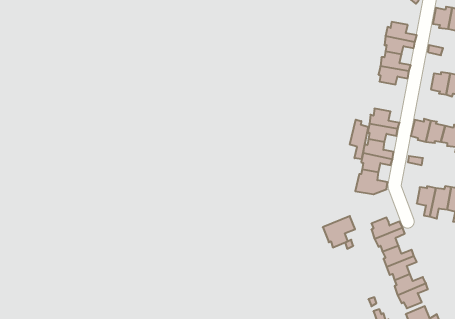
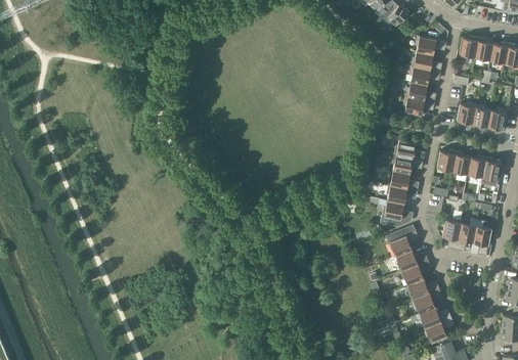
building: none -> [416,36,446,55]
building: [350,120,368,159] -> none
building: [323,216,355,247] -> [386,225,419,257]

